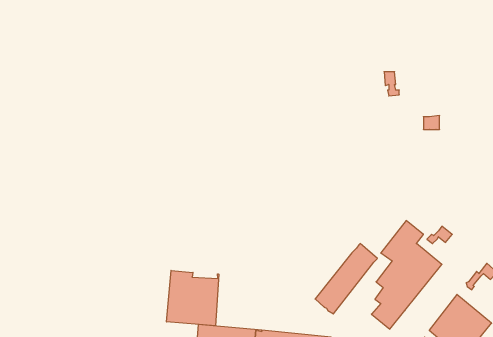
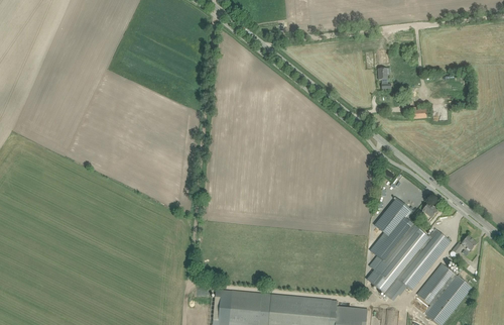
building: [315,244,377,314] -> [395,227,450,289]
building: [167,270,219,326] -> none

